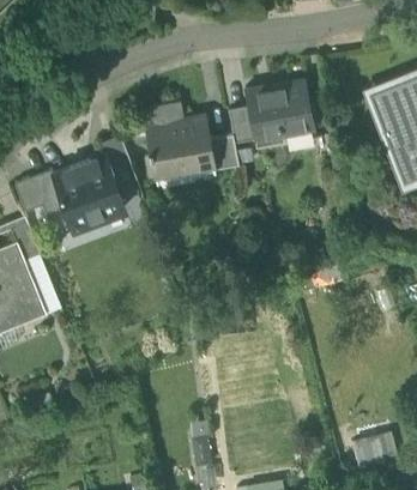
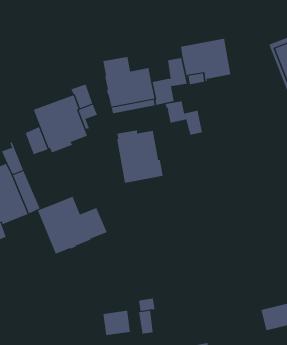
building: none -> [165,100,203,136]
building: [14,170,61,213] -> none
building: none -> [117,129,163,183]
building: none -> [37,196,107,254]
building: none -> [103,310,130,336]

